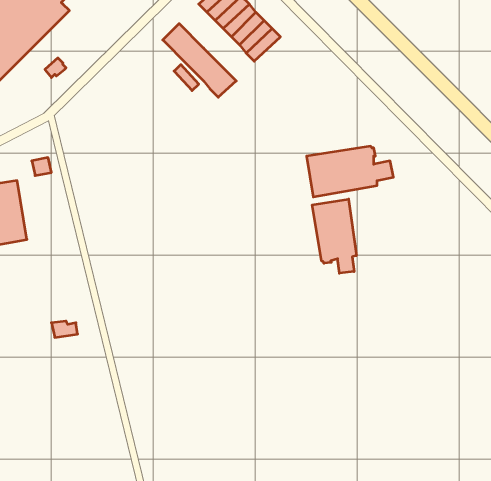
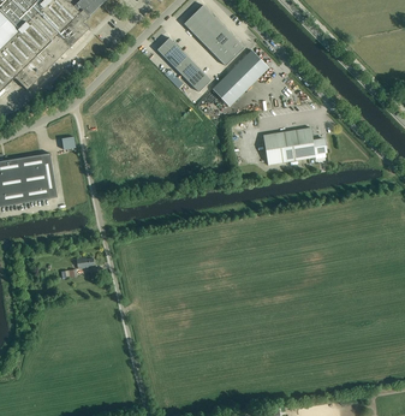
building: none -> [210,49,268,106]
building: [312,199,356,273] -> none

